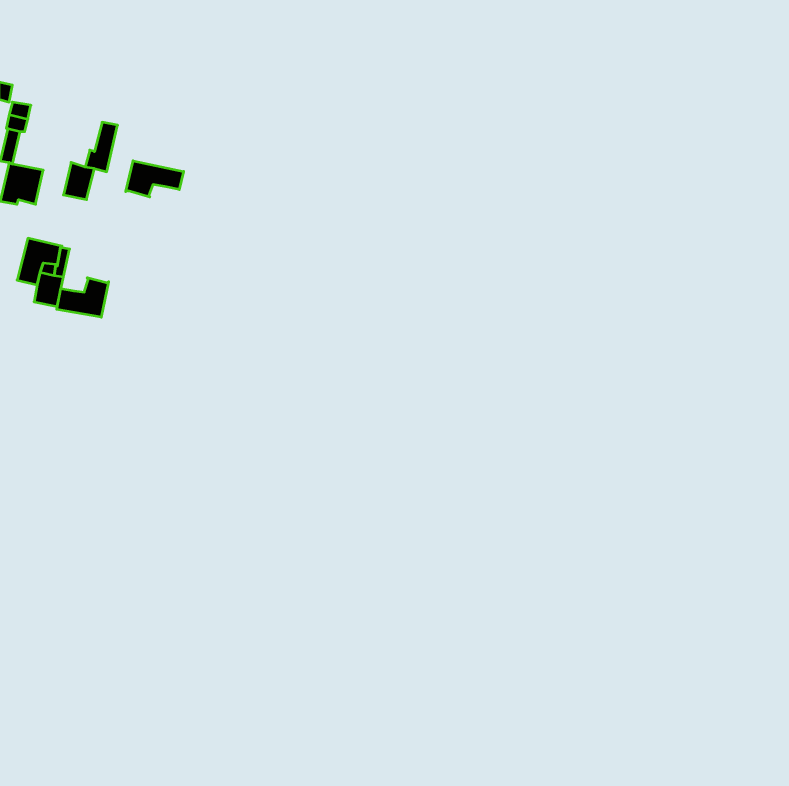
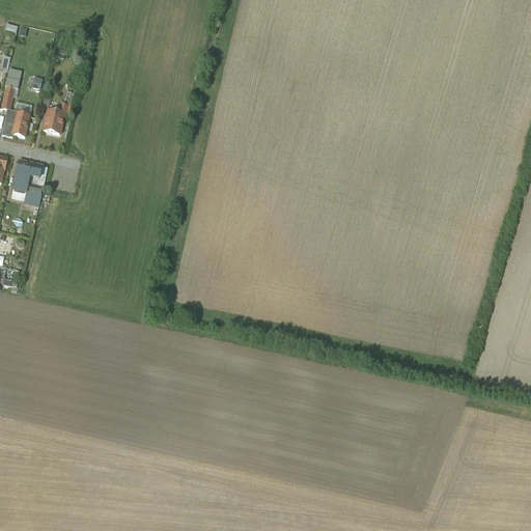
building: [126,161,184,197] -> none
building: [57,278,109,317] -> none

